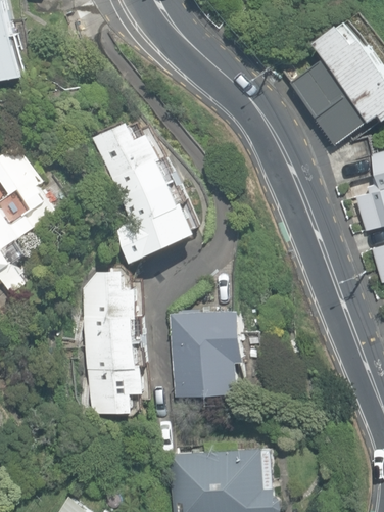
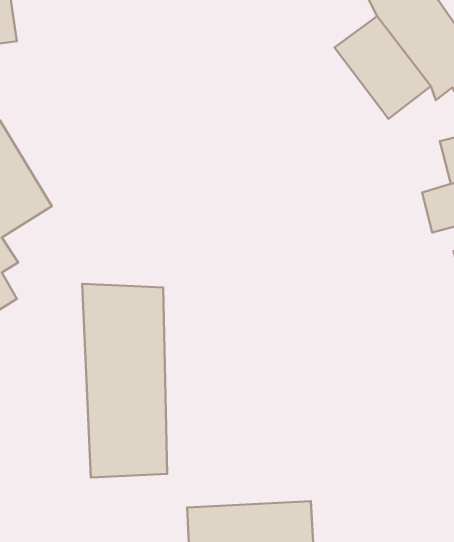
building: [87,113,195,260] -> none
building: [171,315,247,409] -> none

